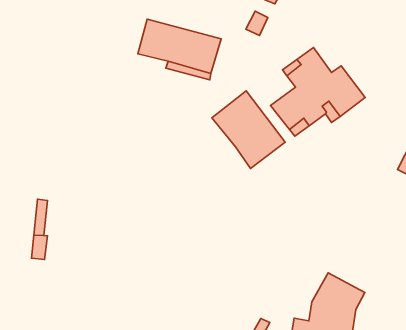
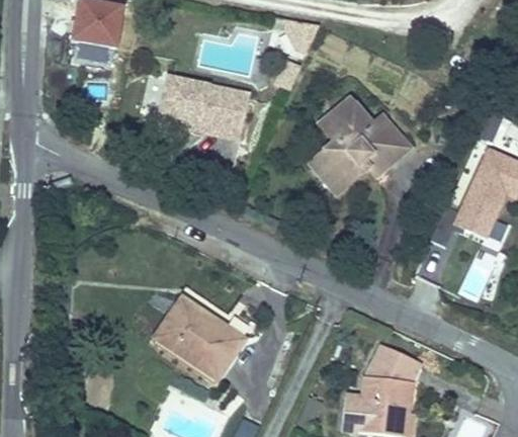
building: [212,91,285,168] -> none
building: none -> [155,296,245,377]

